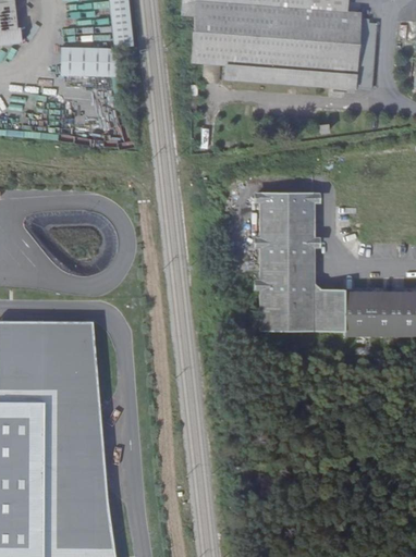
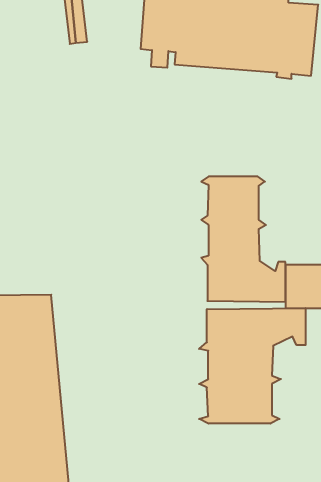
building: [56,46,110,76] -> none
building: none -> [199,308,306,424]

